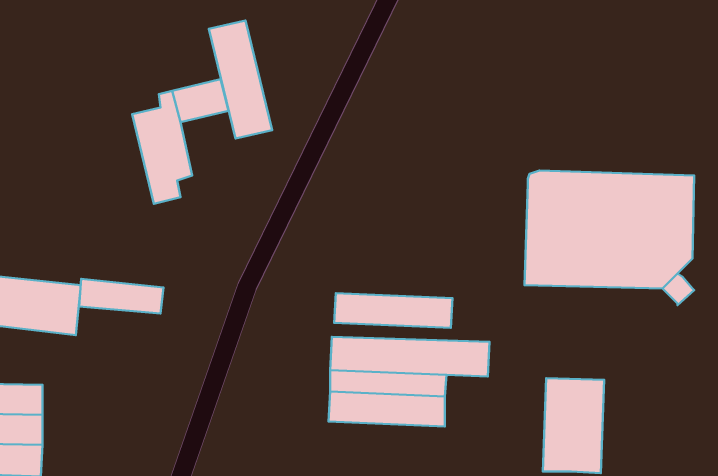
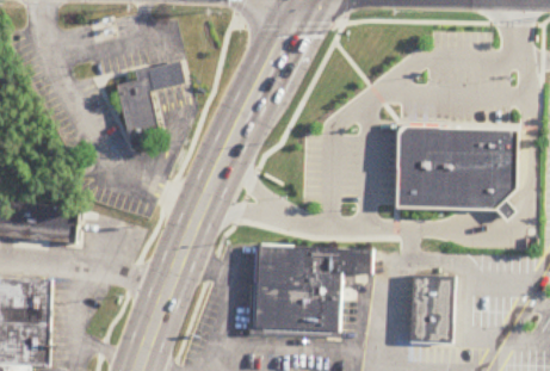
building: [209,21,272,138] -> none
building: [79,279,164,314] -> none
building: [334,293,452,328] -> [254,307,339,332]

